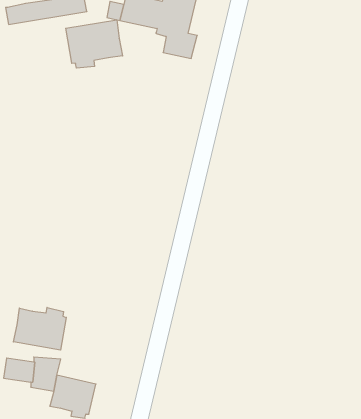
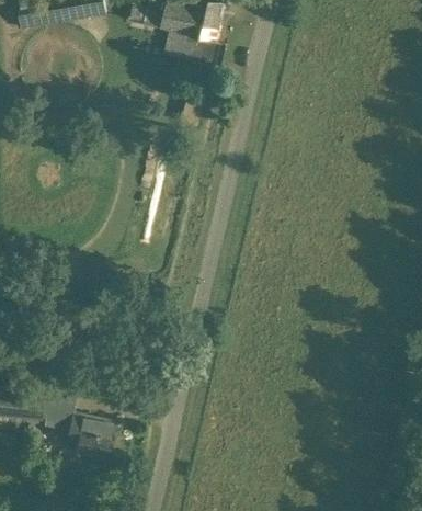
building: [66,20,123,68] -> none
building: [13,307,66,350] -> none

